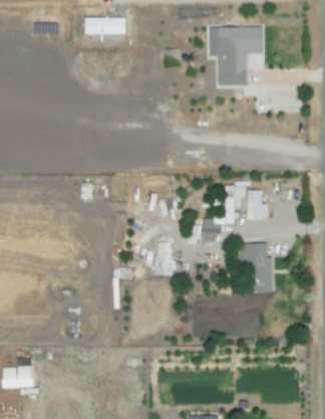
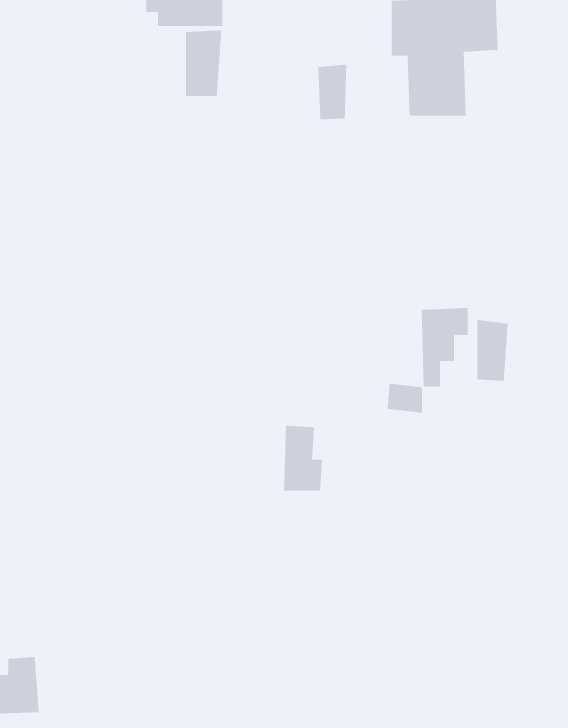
building: none -> [186,30,222,97]
building: none -> [318,64,347,120]
building: [240,242,275,292] -> none

